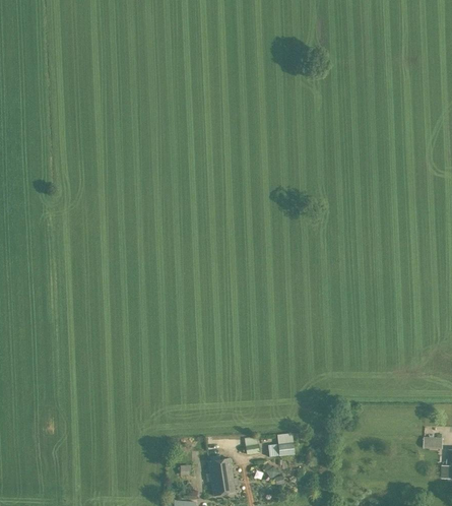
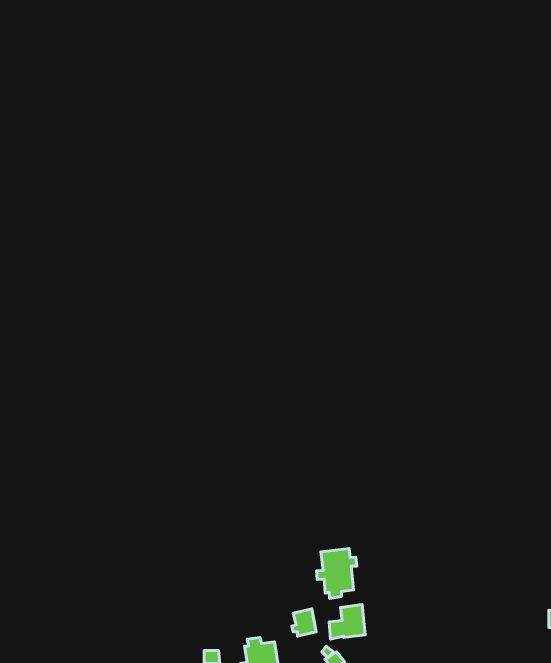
building: none -> [316,549,357,598]

